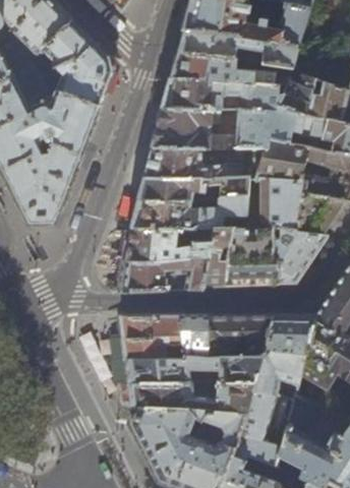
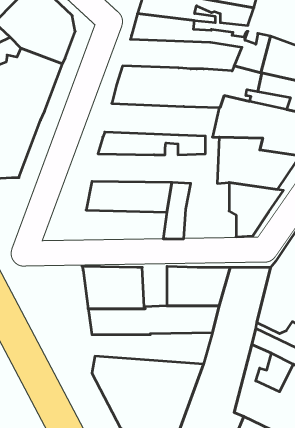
building: [162,81,285,114] -> none
building: [143,147,225,180] -> none
building: [130,199,247,229] -> none
building: [225,229,279,287] -> none
building: [121,257,208,292] -> none
building: [182,315,208,357] -> none
building: [130,383,254,416] -> none

